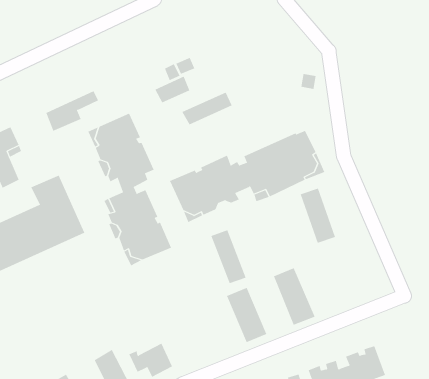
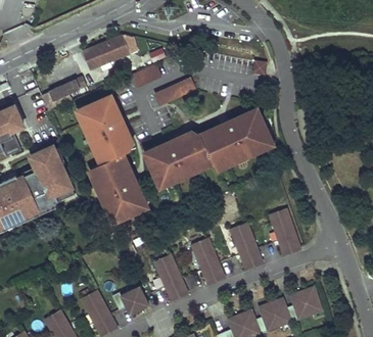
building: none -> [84,36,129,69]
building: [300,188,336,244] -> [270,210,299,256]
building: [210,229,246,284] -> [156,255,186,300]

